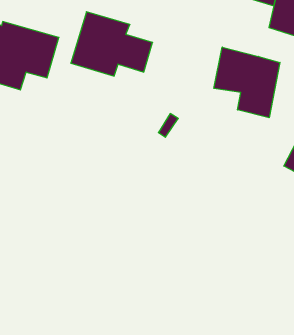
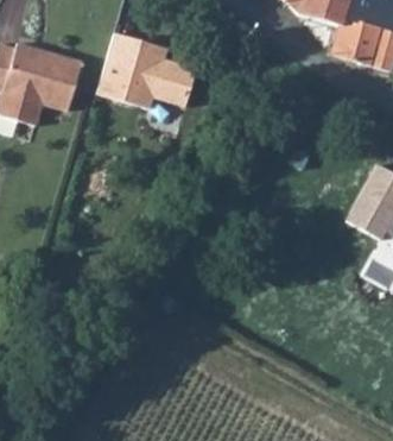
building: [214,47,280,118] -> none

